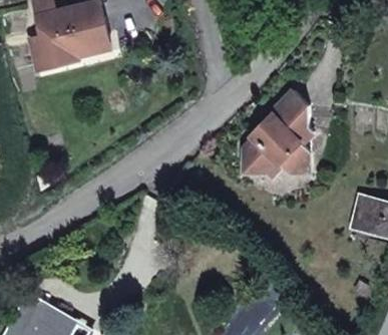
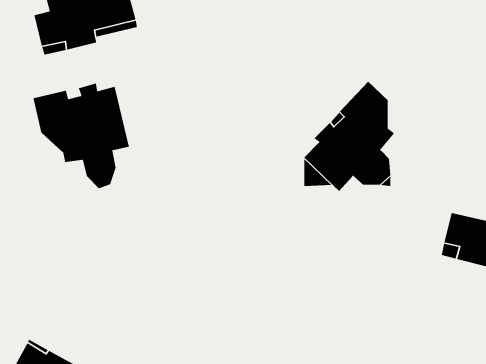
building: none -> [32,83,130,189]

